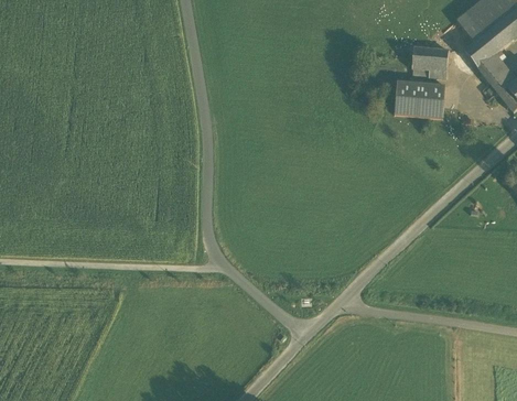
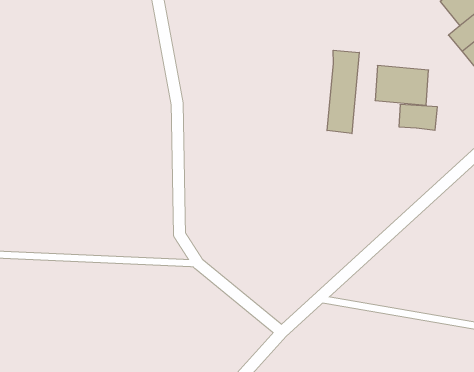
building: [412,47,449,72] -> [399,105,437,130]
building: none -> [327,50,359,134]

